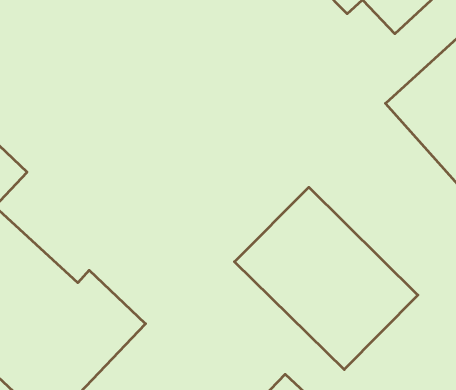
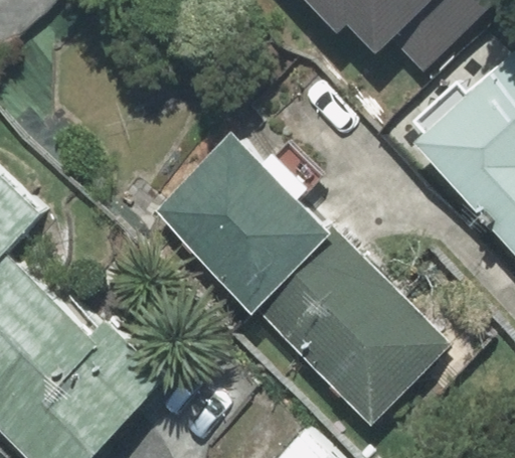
building: none -> [156,133,334,310]

